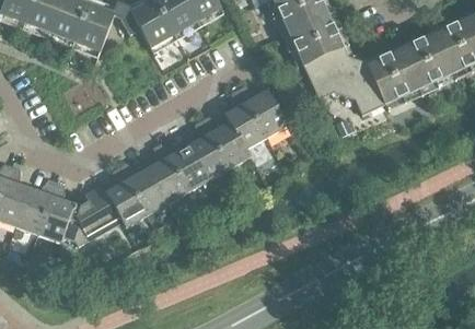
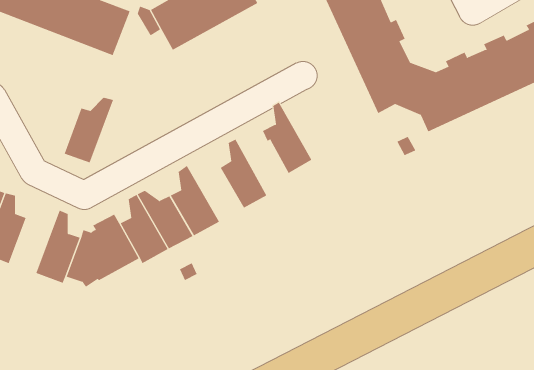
building: [238,85,287,138] -> none
building: [201,116,250,167] -> none
building: [161,139,208,189] -> none
building: [13,177,55,232] -> [64,97,114,163]

